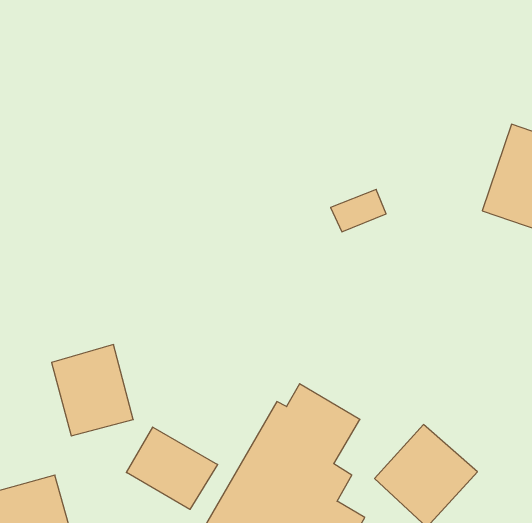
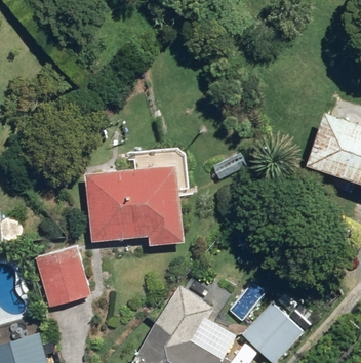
building: none -> [83,165,184,247]
building: [126,427,218,509] -> none

